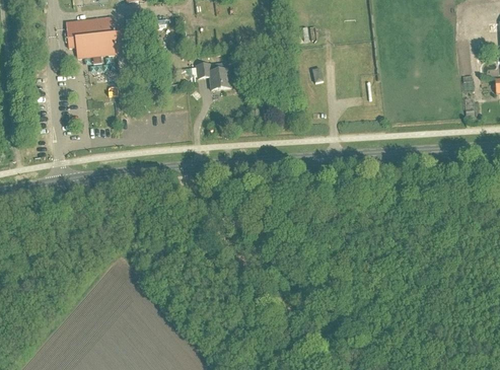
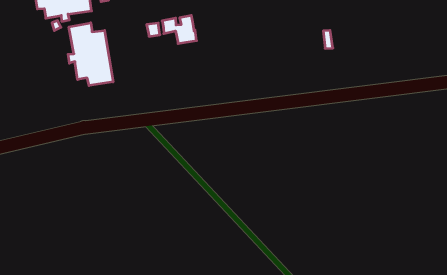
building: none -> [68,23,113,86]

